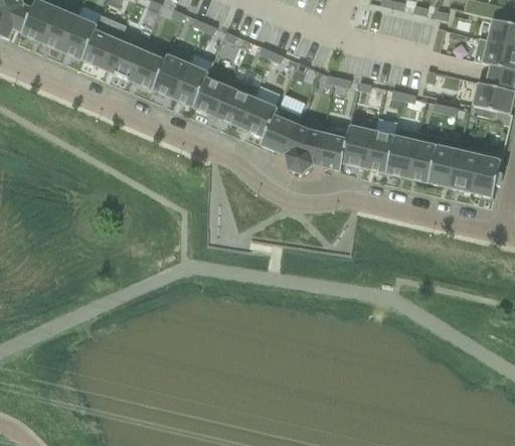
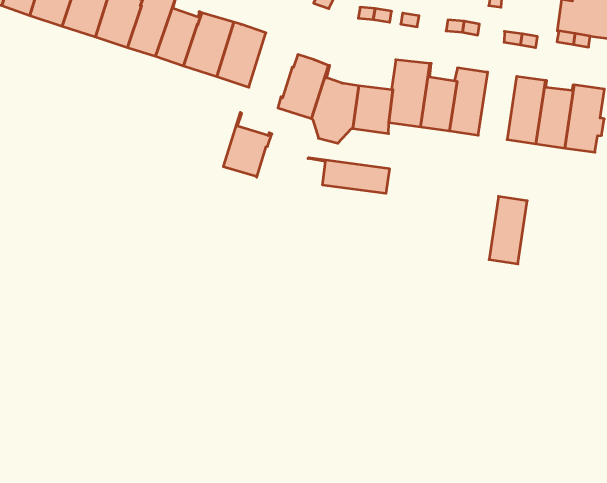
building: [240,89,279,138] -> [223,112,272,177]
building: [407,132,440,183] -> [489,196,527,264]
building: none -> [308,158,389,193]

